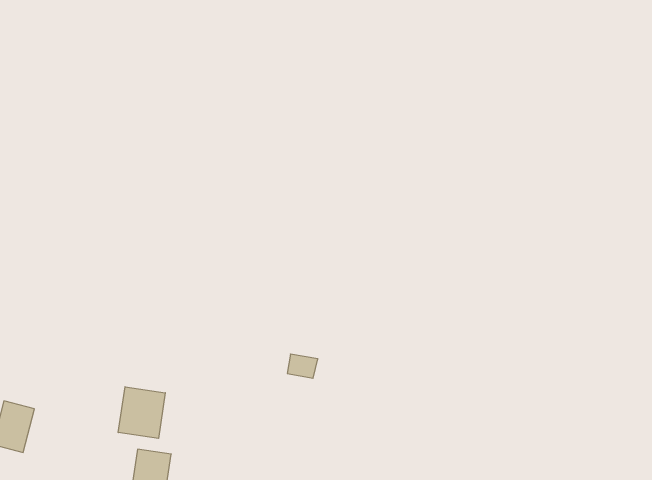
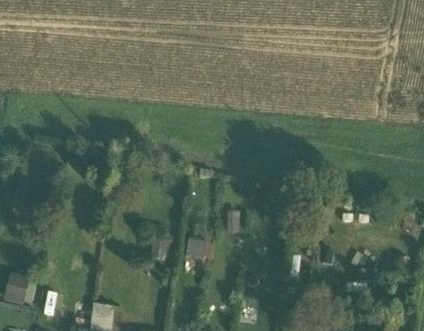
building: [118,387,165,438] -> none

